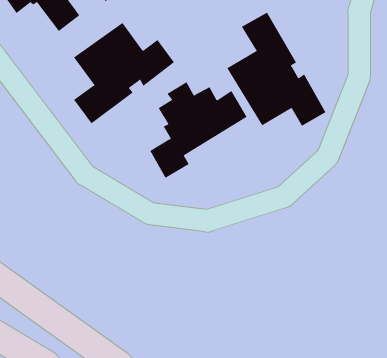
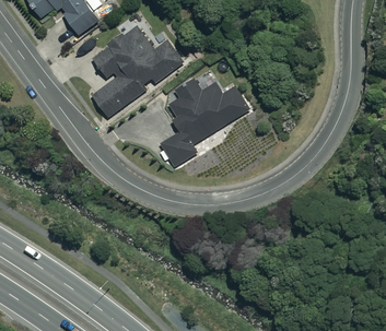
building: [226,12,326,127] -> none

